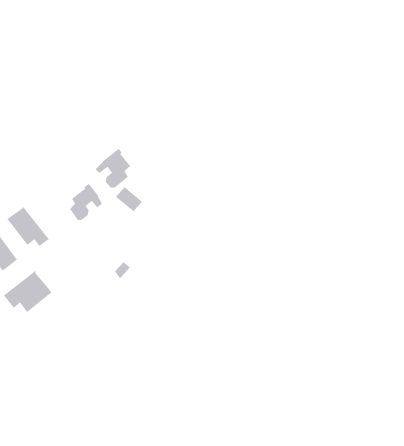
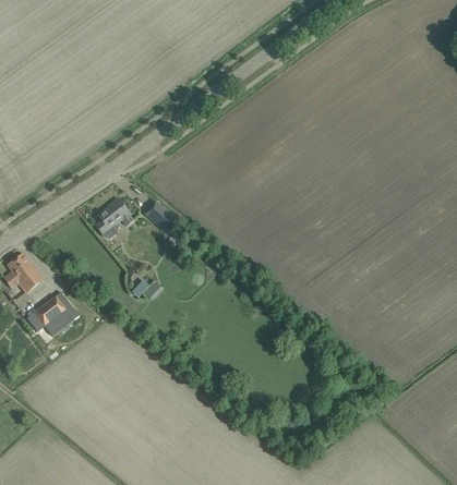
building: [95,148,131,188] -> none
building: [7,206,49,247] -> none

